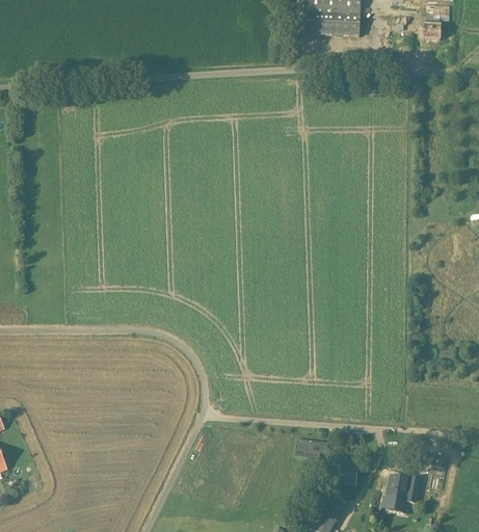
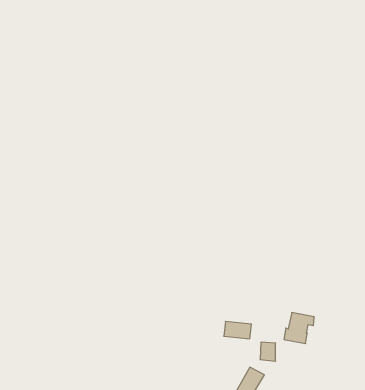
building: [380,476,417,513] -> [284,313,314,344]

